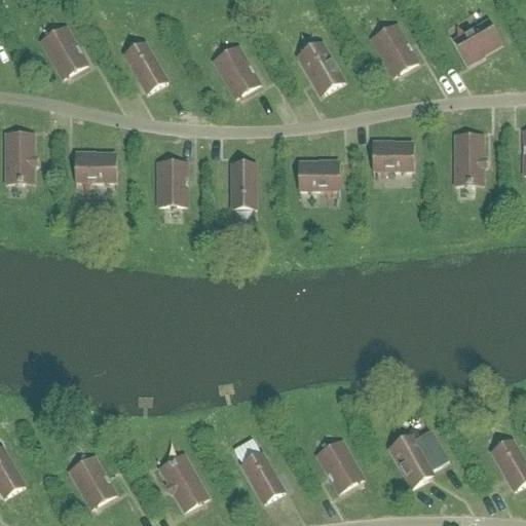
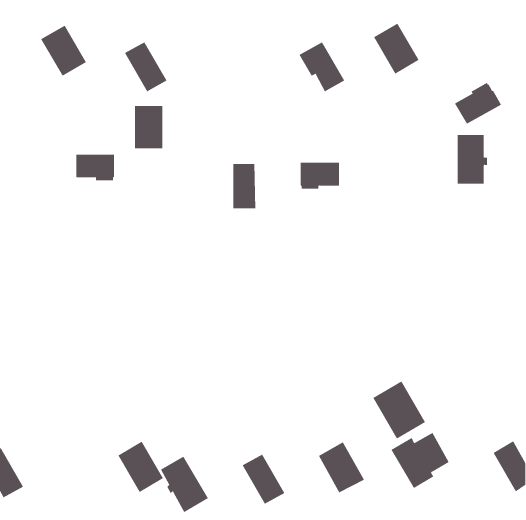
building: [453,20,500,62] -> [454,82,502,124]
building: [213,44,259,97] -> none
building: [5,132,36,181] -> none
building: [372,142,412,168] -> none
building: [157,160,186,203] -> [134,106,163,149]
building: none -> [372,381,426,439]
building: [69,455,115,506] -> [117,441,164,493]

